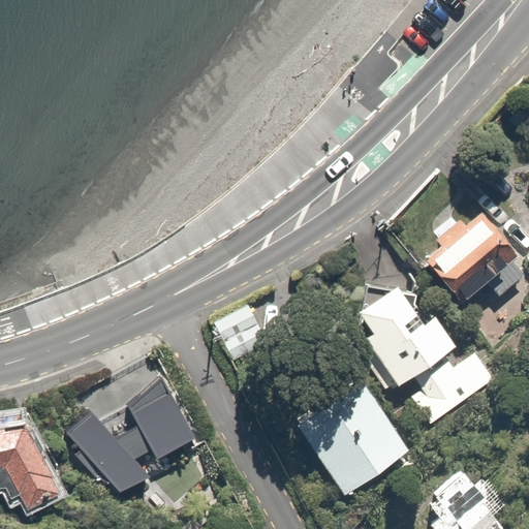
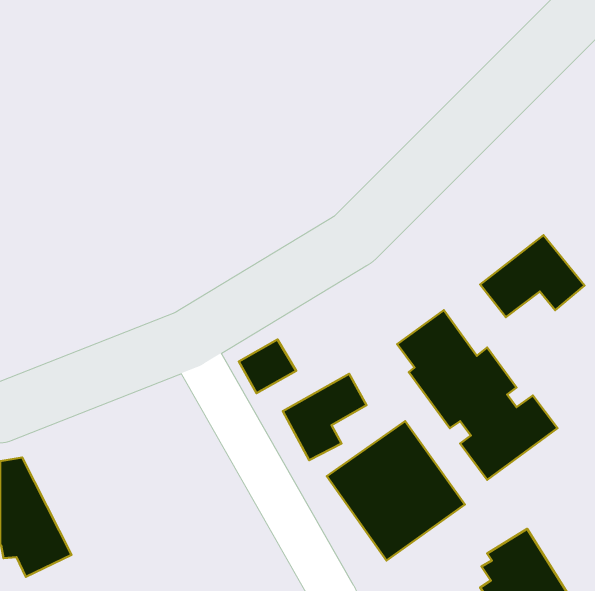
building: none -> [283,374,367,460]
building: [66,382,191,495] -> none

